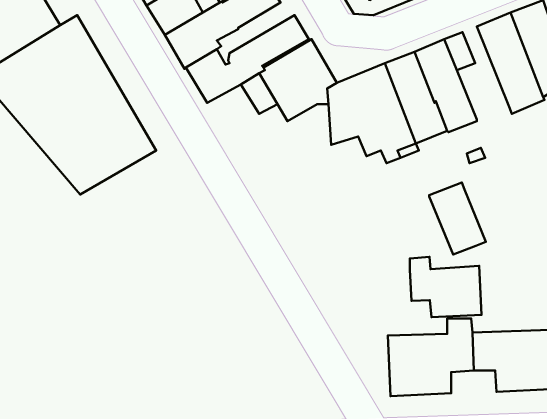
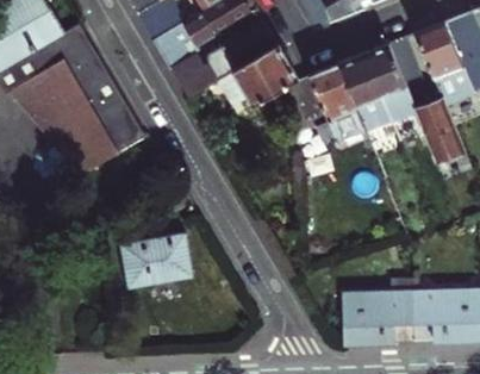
building: [429,182,486,254] -> [416,100,463,161]
building: [410,257,481,317] -> none
building: none -> [120,233,193,289]

